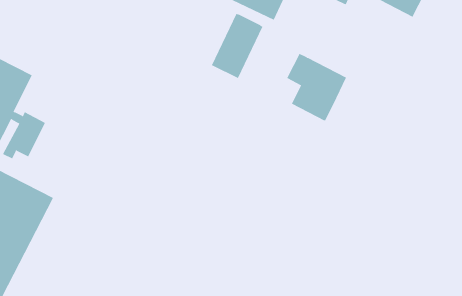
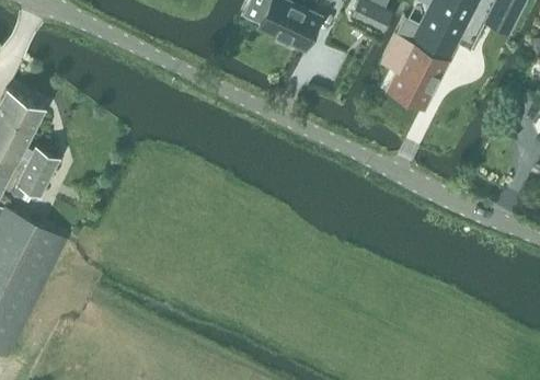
building: [211,13,263,79] -> none
building: [286,53,347,121] -> [381,35,447,108]

